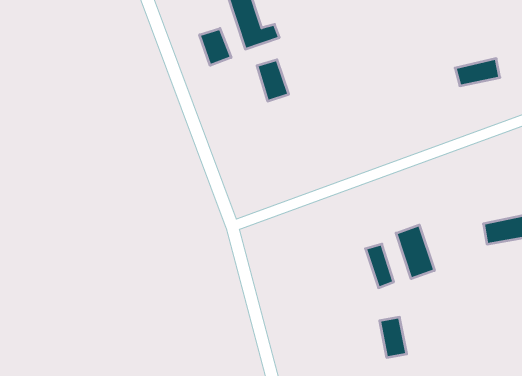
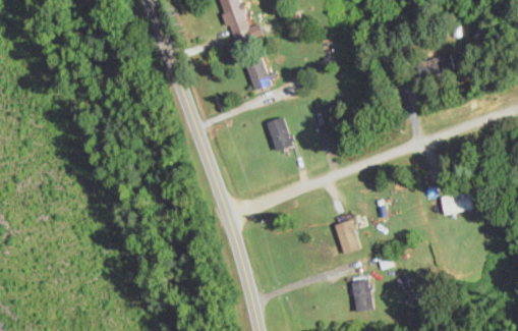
building: [200,28,231,65] -> none
building: none -> [266,116,292,151]
building: [396,225,434,279] -> none

